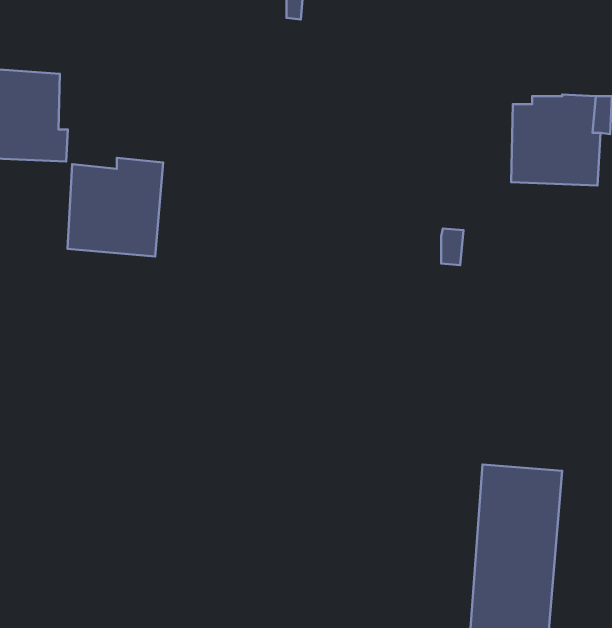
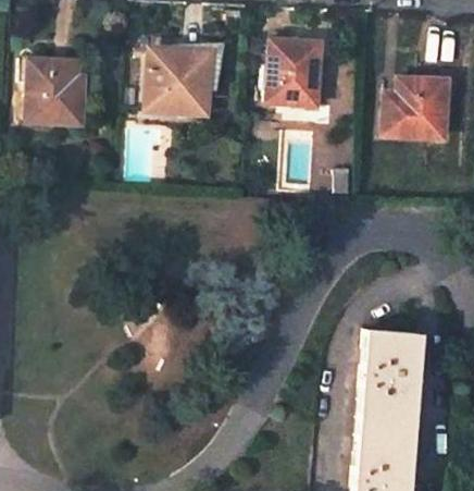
building: none -> [266,40,326,103]
building: [67,158,163,257] -> [147,48,212,115]

